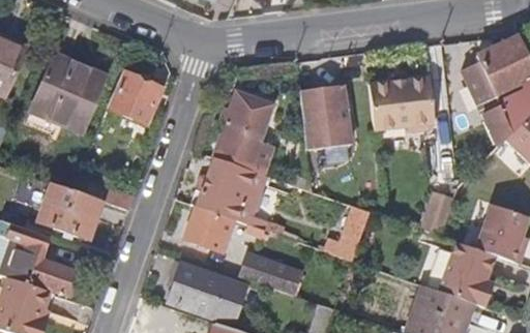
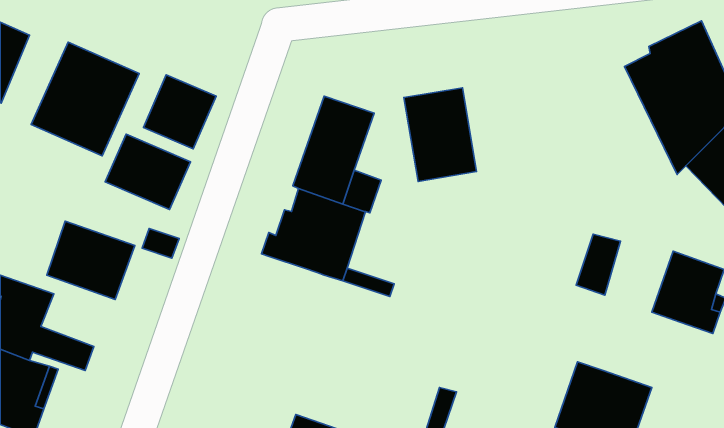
building: [365,74,433,131] -> none
building: none -> [105,134,190,209]
building: [324,204,367,260] -> none
building: [188,208,238,252] -> none
building: [441,241,497,307] -> none
building: [241,249,304,293] -> none
building: [171,262,248,326] -> none

